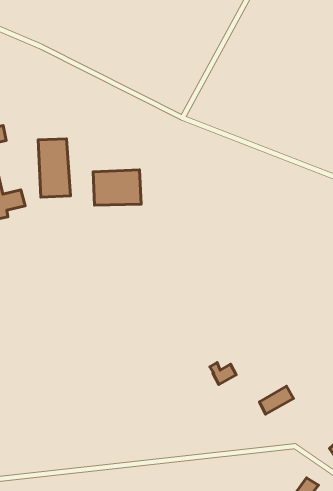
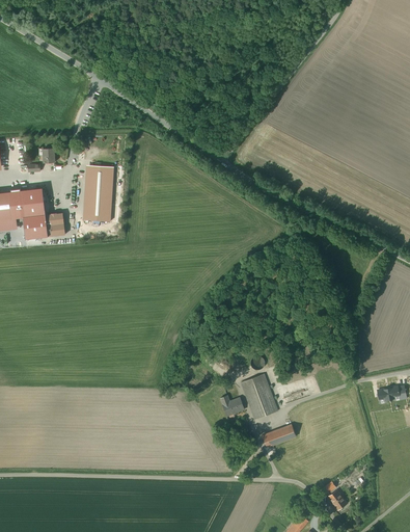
building: [93,170,141,205] -> none
building: none -> [240,376,277,423]

